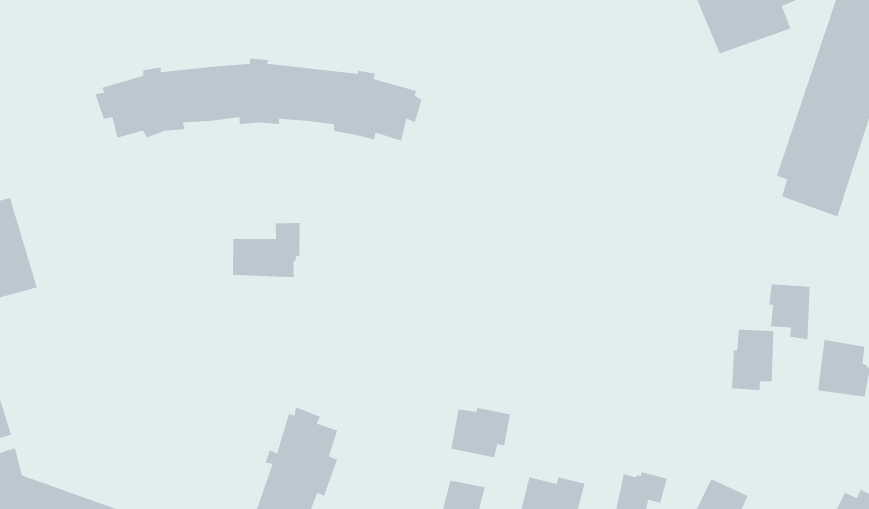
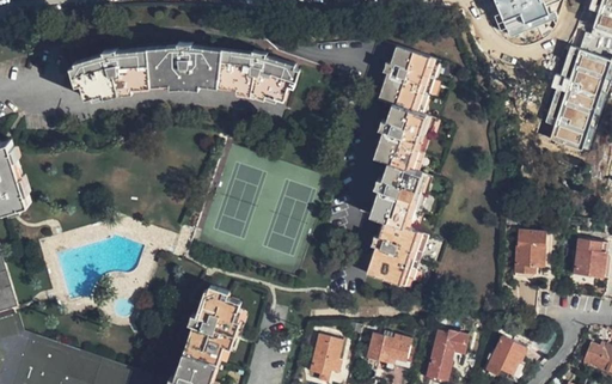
building: none -> [367,45,432,285]
building: [232,222,300,278] -> none
building: [769,284,811,340] -> none
building: [450,407,511,458] -> none

